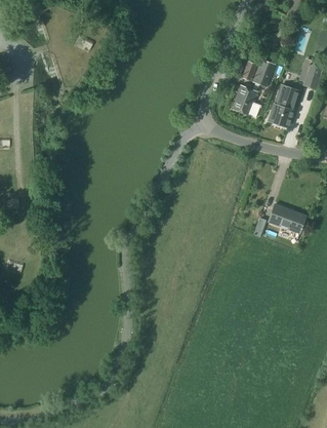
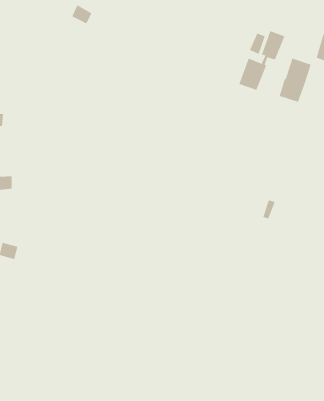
building: [268,203,305,233] -> none

